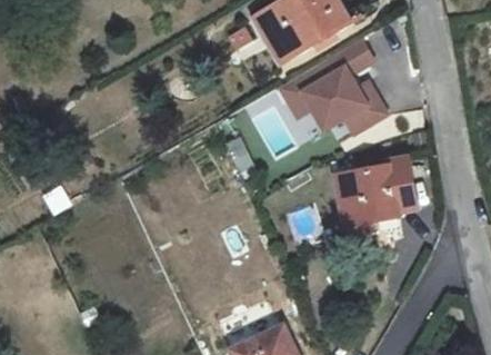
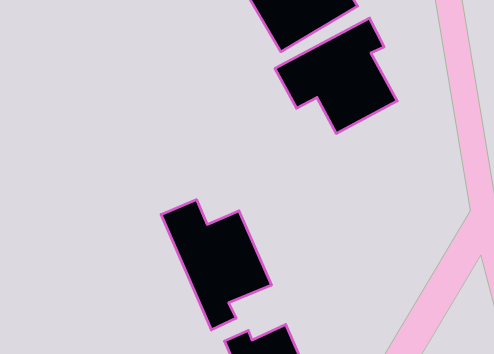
building: [339,159,419,233] -> none
building: none -> [161,200,271,330]

